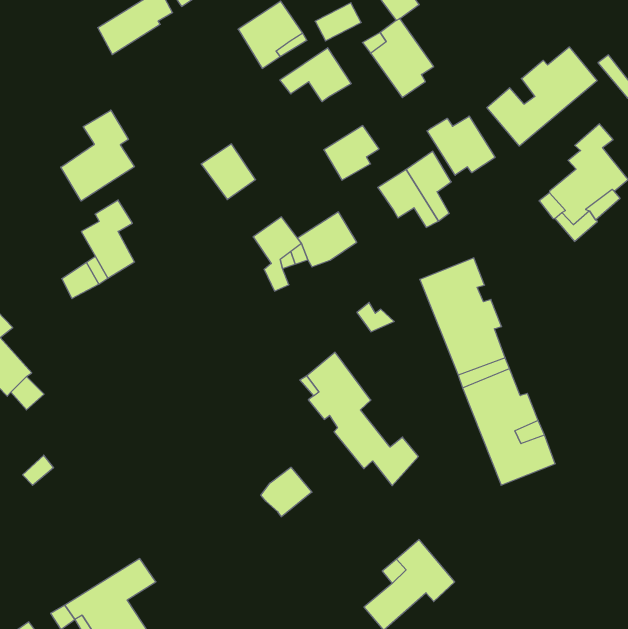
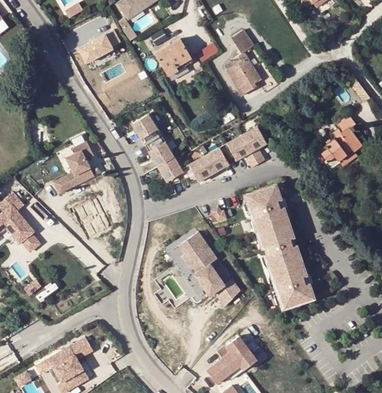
building: [487,47,597,146] -> none
building: [280,48,351,102] -> none
building: [61,110,134,201] -> none
building: [427,116,495,175] -> none
building: [324,126,379,180] -> [204,143,234,172]
building: none -> [144,135,173,166]
building: [261,467,312,517] -> none

